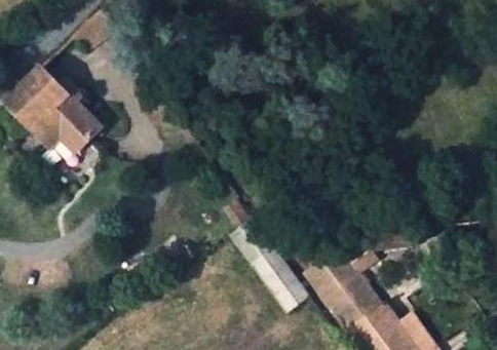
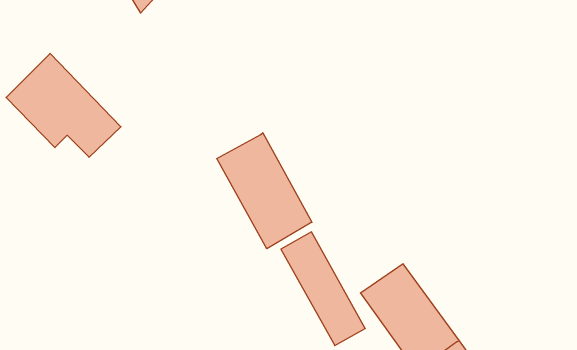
building: none -> [217,133,312,249]

